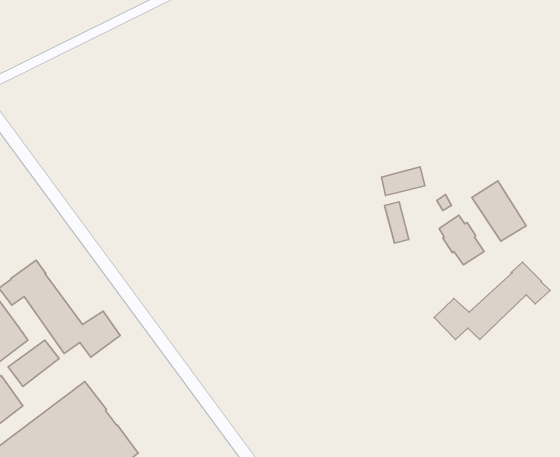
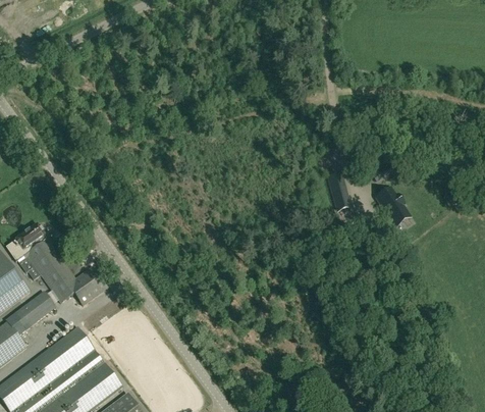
building: [382,167,425,196] -> none
building: [472,181,526,241] -> none
building: [434,262,550,340] -> none

